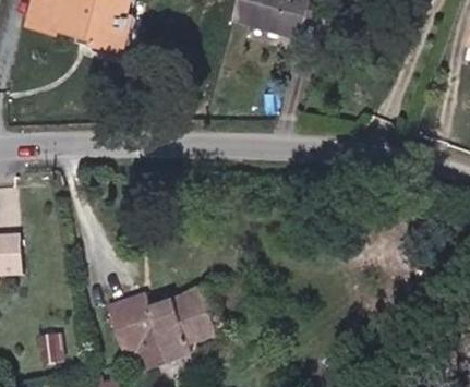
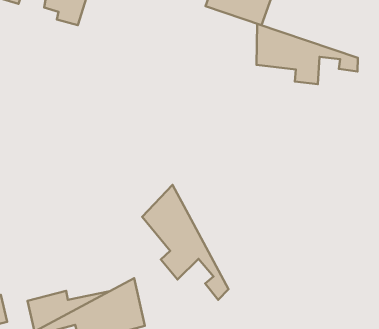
building: none -> [256,24,358,84]
building: none -> [142,185,228,300]

